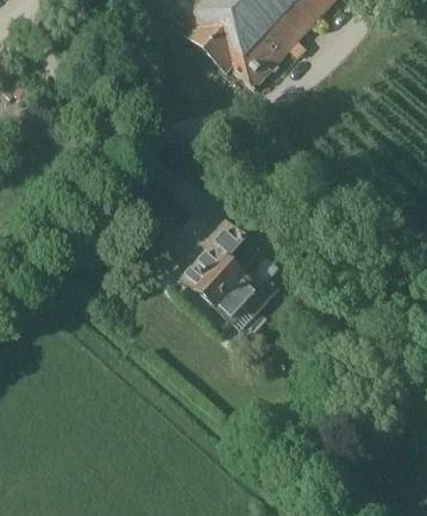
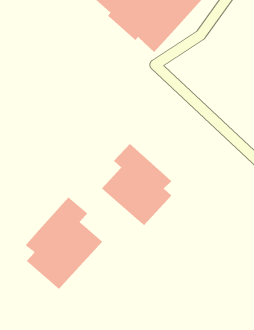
building: none -> [25,197,103,290]

